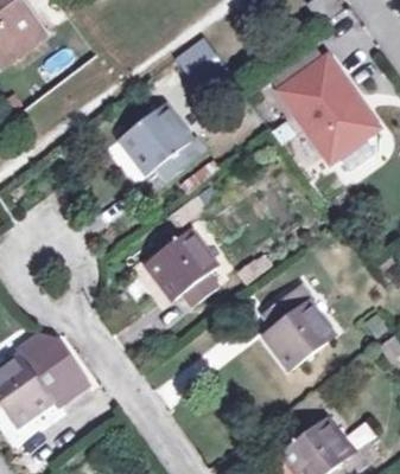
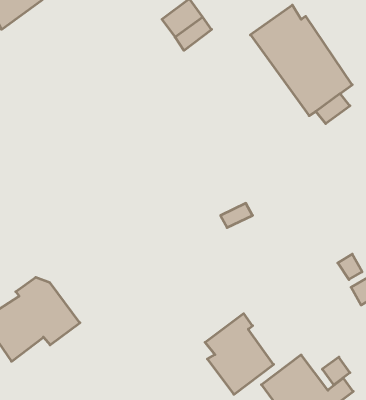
building: [120,103,207,181] -> none
building: [146,230,220,306] -> none
building: [260,282,334,369] -> [205,314,274,394]

